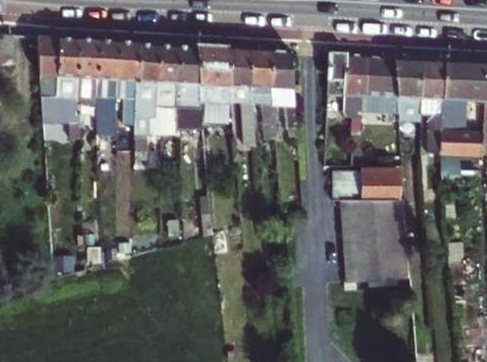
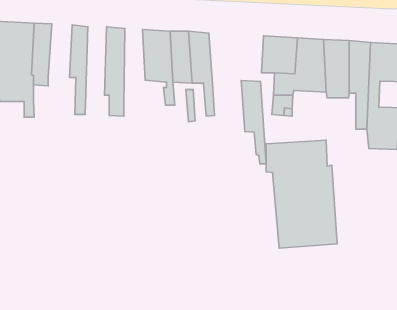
building: [96,39,122,146] -> none
building: [135,42,162,164] -> none
building: [178,44,202,127] -> none
building: [270,49,297,139] -> [241,81,266,164]

